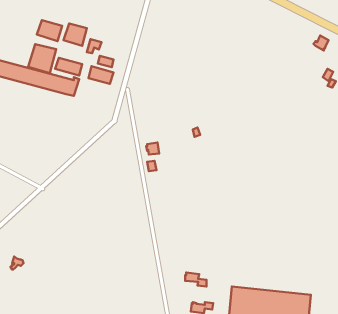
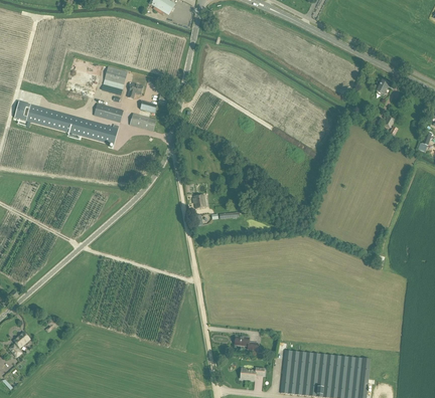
building: [37,20,62,41] -> none
building: [28,44,56,73] -> none

